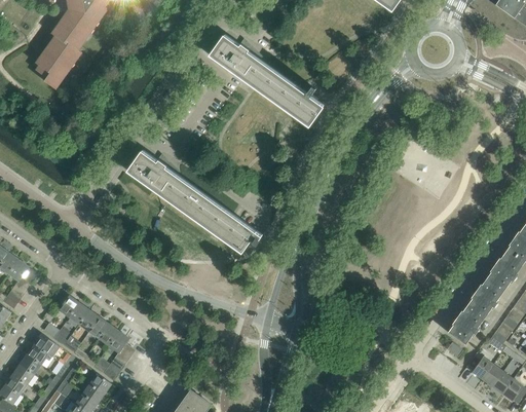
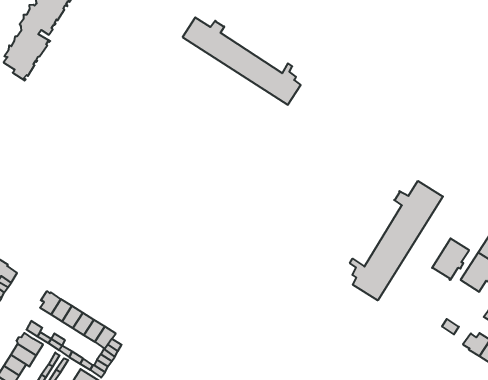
building: [127,152,262,255] -> none
building: none -> [350,181,443,300]
building: [447,305,484,345] -> [432,238,469,280]

